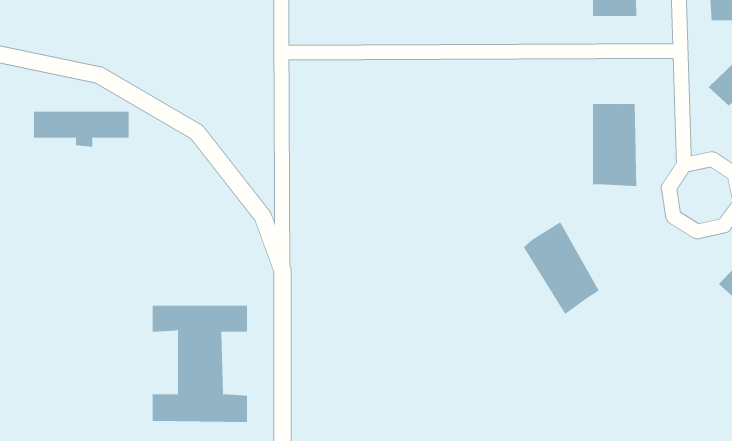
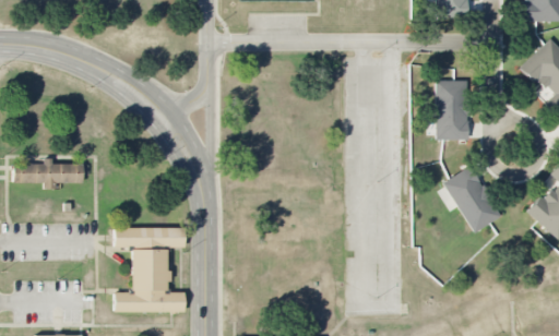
building: [33,111,129,147] -> [14,163,84,189]
building: [523,221,599,315] -> [444,166,500,233]

